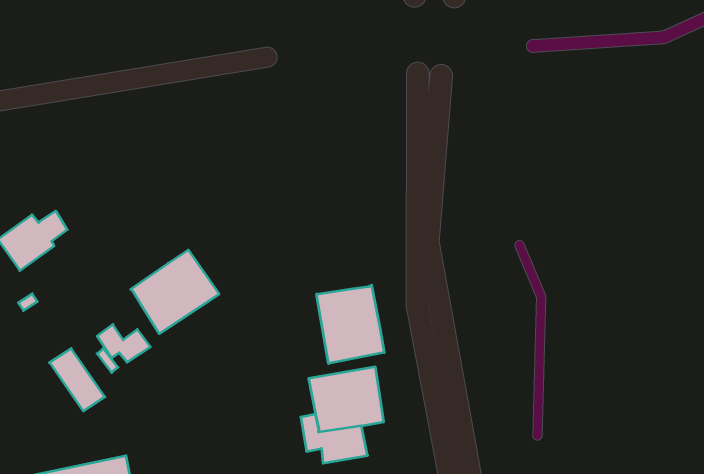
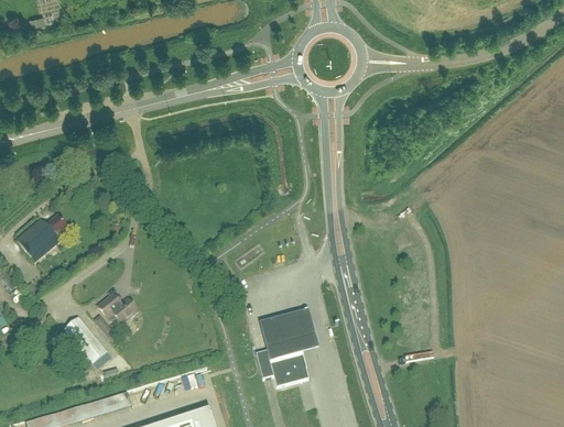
building: [131,250,219,334] -> none
building: [317,285,384,364] -> none

